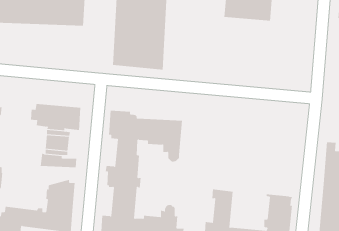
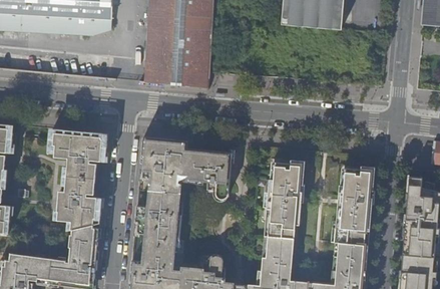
building: none -> [268,169,304,237]
building: none -> [334,173,373,243]
building: none -> [55,206,100,229]

